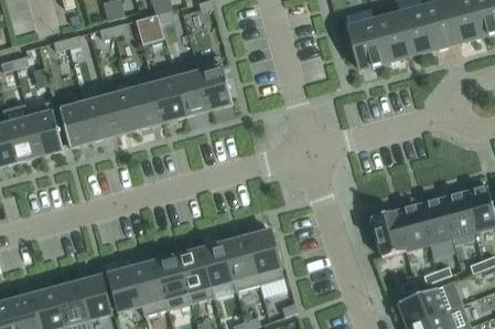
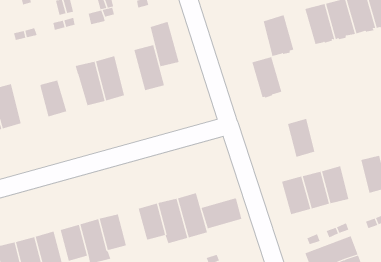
building: [374,12,410,62] -> [252,56,282,98]
building: [173,61,208,115] -> [150,21,179,67]
building: [106,89,140,134] -> none
building: [58,97,94,147] -> none
building: [441,191,474,237] -> [287,118,315,157]
building: none -> [201,198,242,229]
building: [177,248,215,303] -> none

